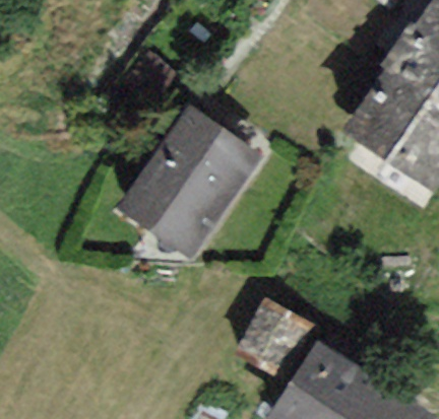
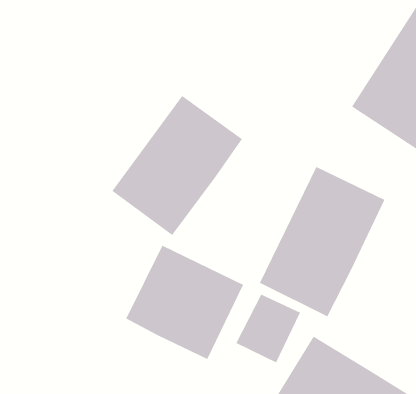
building: none -> [259,166,385,317]
building: none -> [125,245,244,360]

